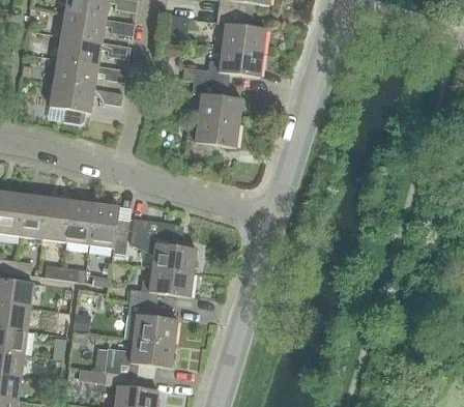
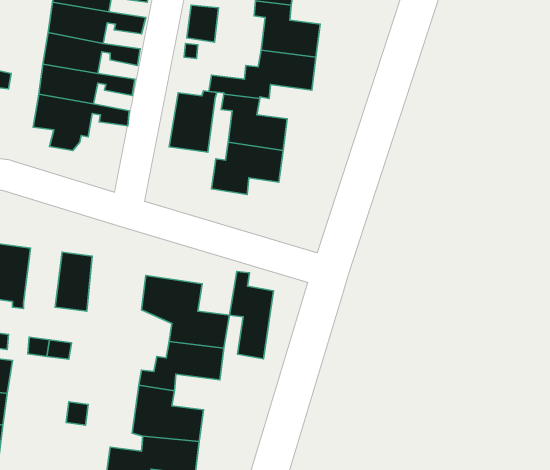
building: none -> [169,91,217,152]
building: [42,197,71,241] -> none
building: [90,203,130,253] -> none
building: none -> [229,272,274,359]

